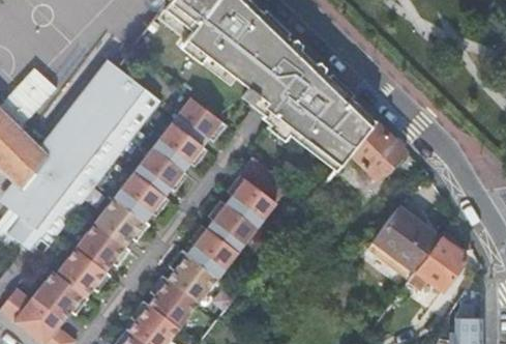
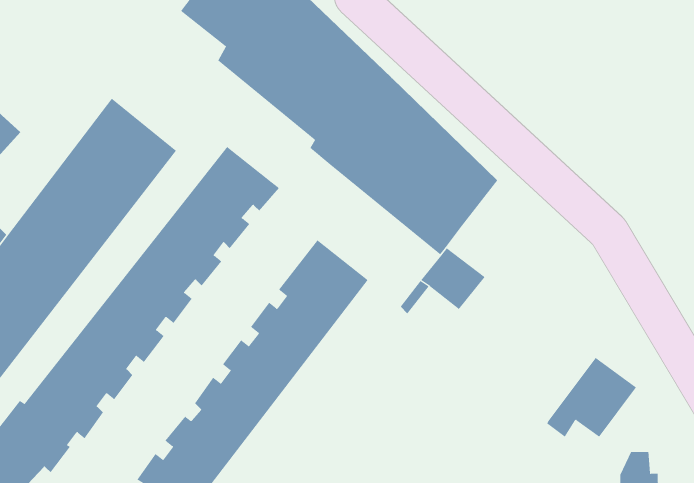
building: [348,120,405,179] -> none
building: [363,208,437,280] -> none

